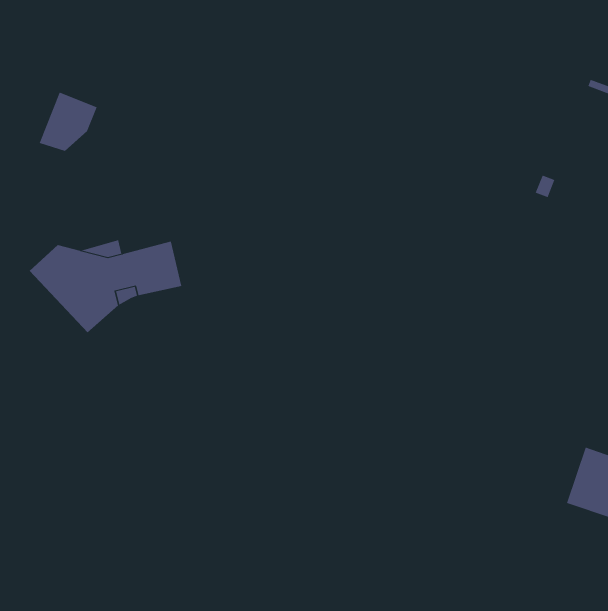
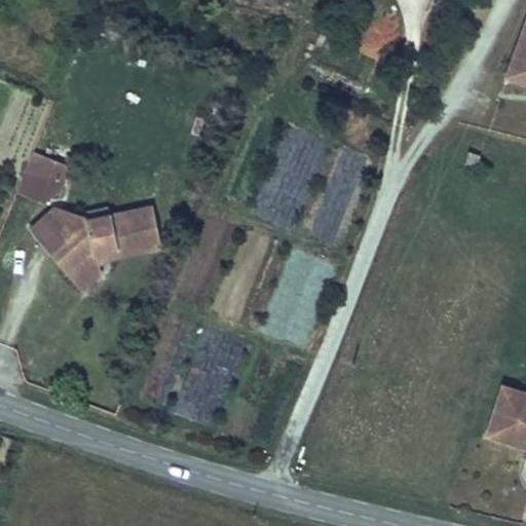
building: [39,92,98,152] -> [16,148,67,199]

